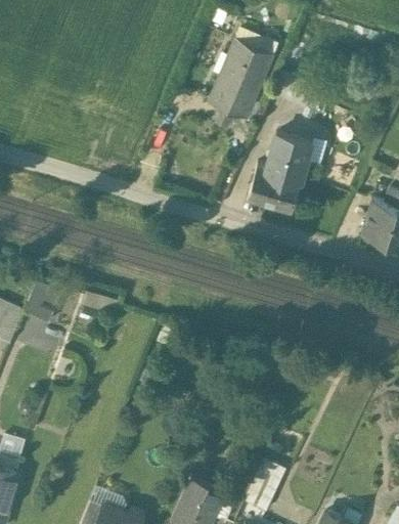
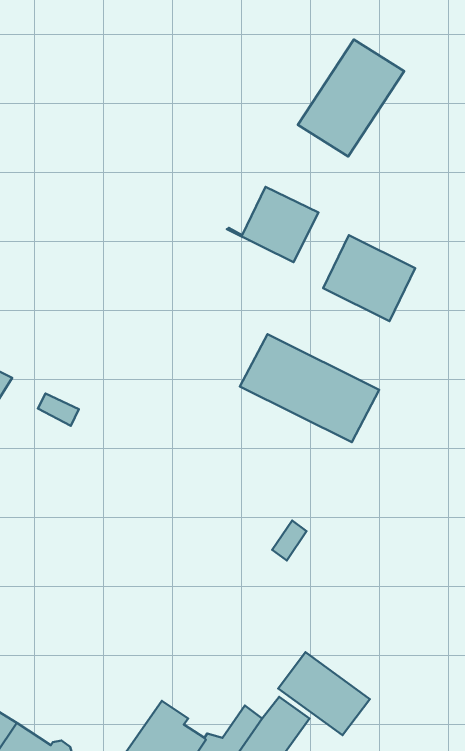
building: [257,132,312,176] -> [227,187,318,262]
building: none -> [240,334,379,442]
building: none -> [278,652,370,735]

